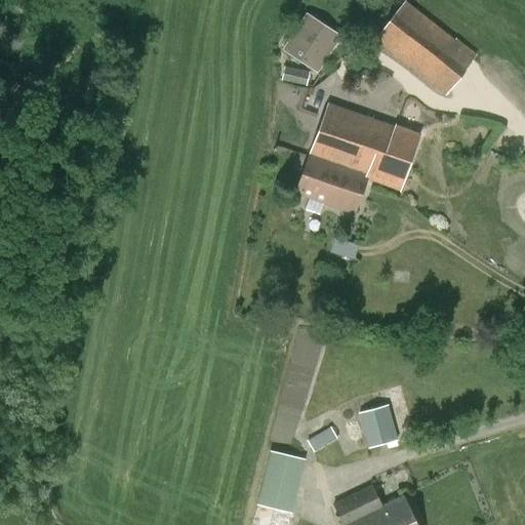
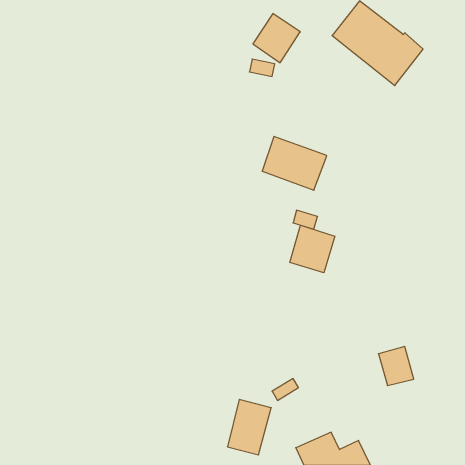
building: [309,105,419,190] -> none
building: none -> [290,225,335,273]
building: [358,404,398,448] -> [378,346,414,386]

